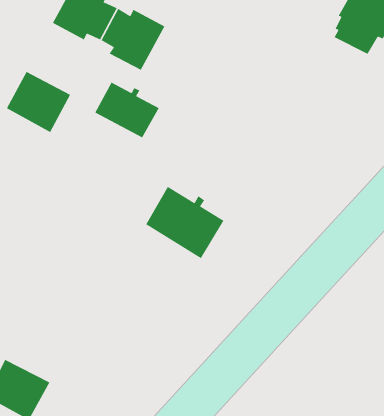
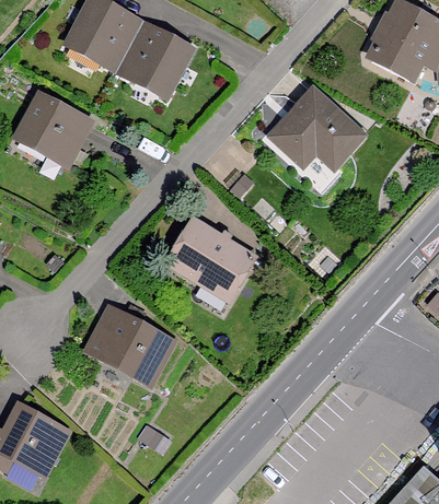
building: none -> [272,89,361,163]
building: [94,81,160,139] -> none
building: none -> [85,313,171,379]

